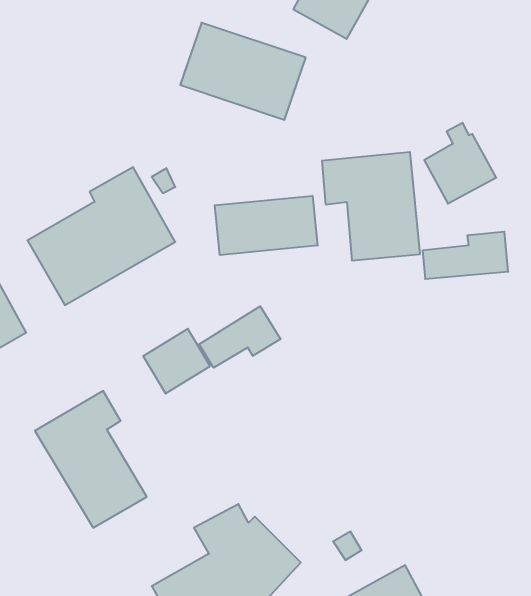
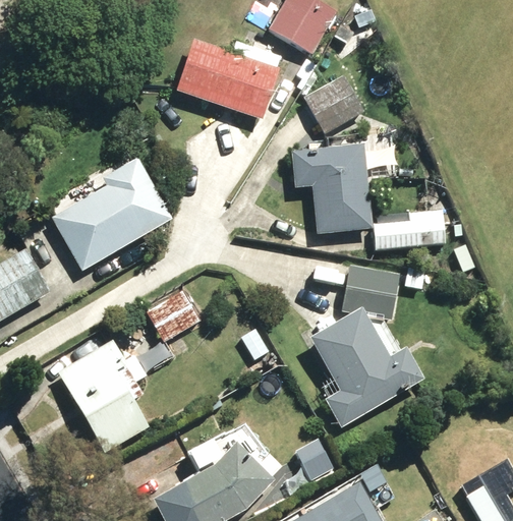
building: [424,123,496,204] -> [304,66,363,132]
building: [215,196,318,255] -> none
building: none -> [311,266,424,427]
building: [199,306,280,368] -> none

